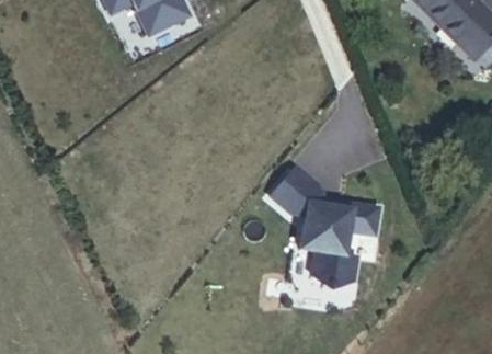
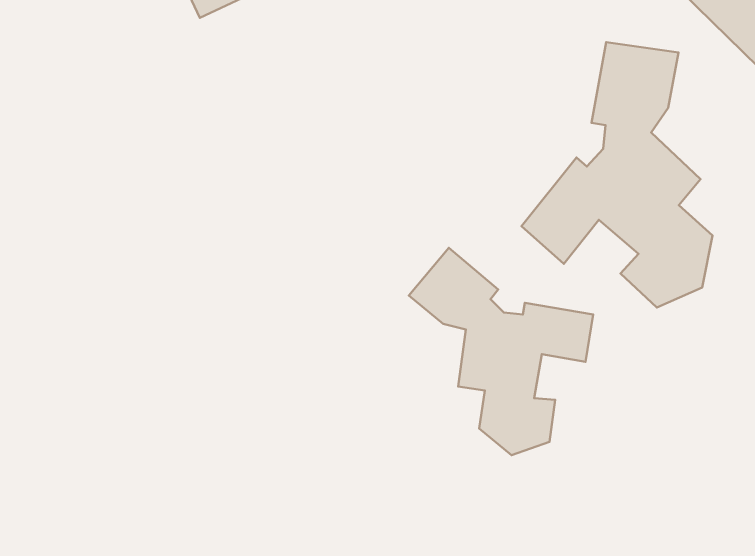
building: none -> [521,42,712,307]

